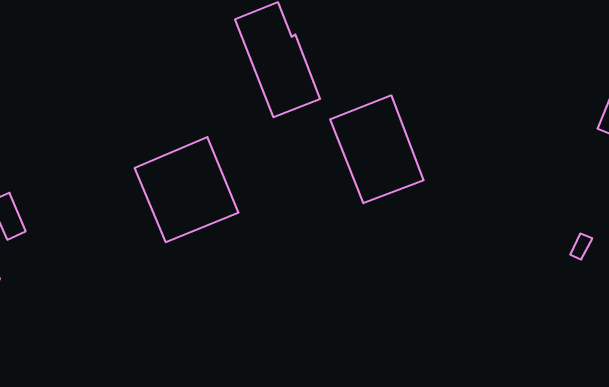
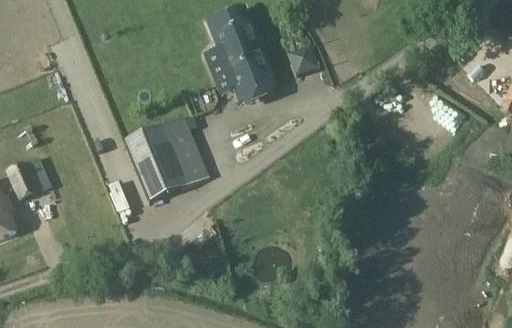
building: none -> [287,42,319,75]
building: [330,95,424,203] -> none

